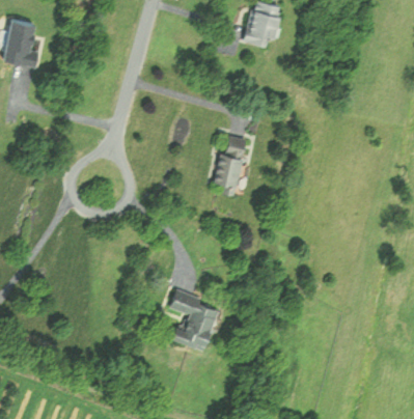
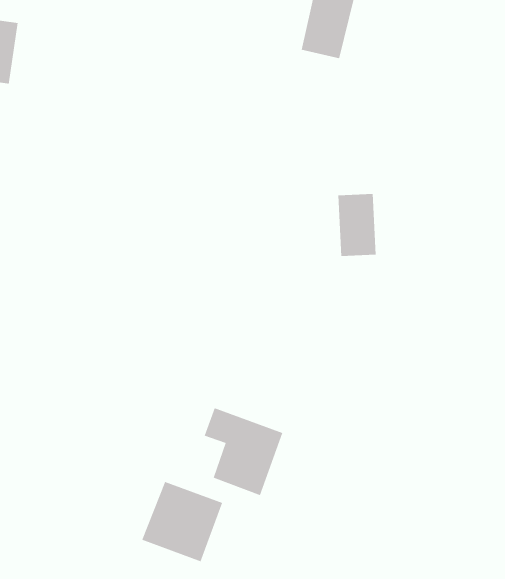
building: [217,143,244,187] -> [338,194,376,256]
building: none -> [141,481,223,562]

